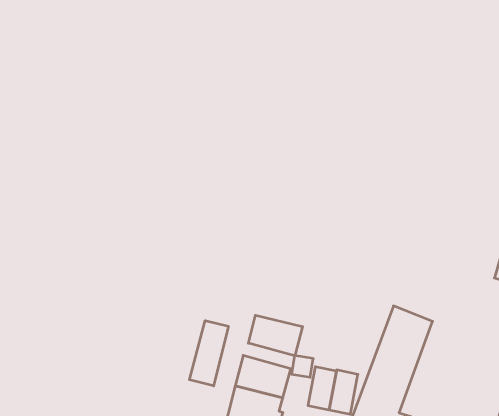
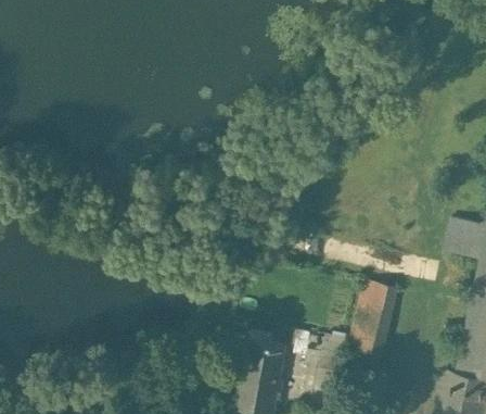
building: [248,315,303,356] -> none
building: [189,321,228,386] -> none

